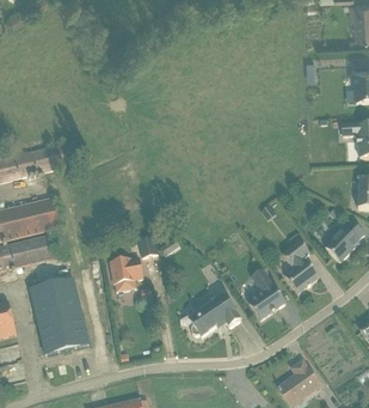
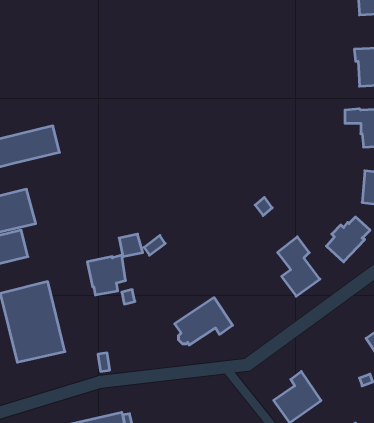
building: [246,268,284,319] -> none

